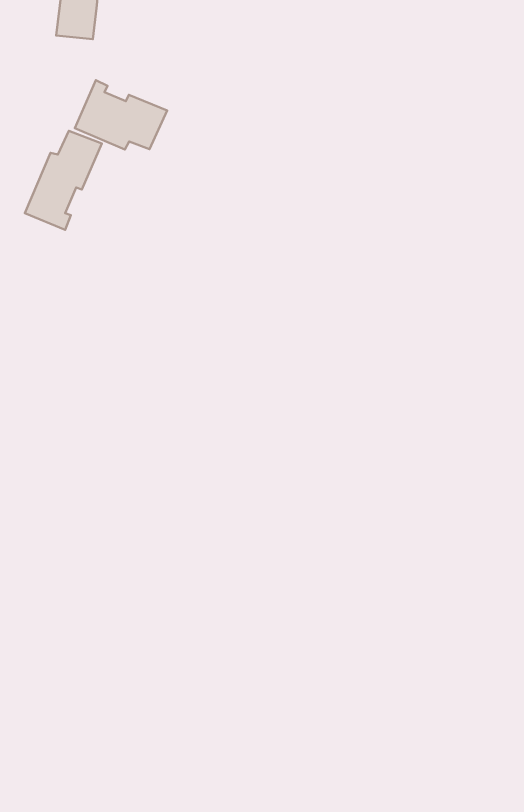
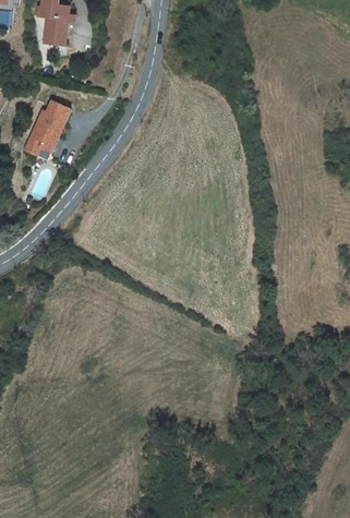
building: [75,80,167,149] -> none

